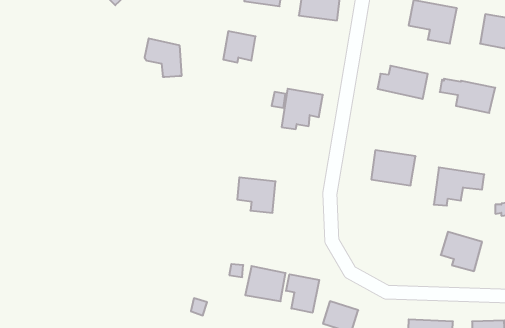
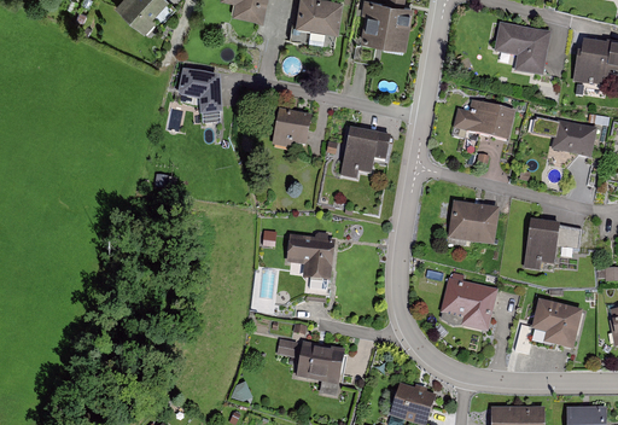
building: [223,31,256,63] -> [272,111,310,149]
building: none -> [442,279,497,331]
building: [286,274,319,313] -> none

